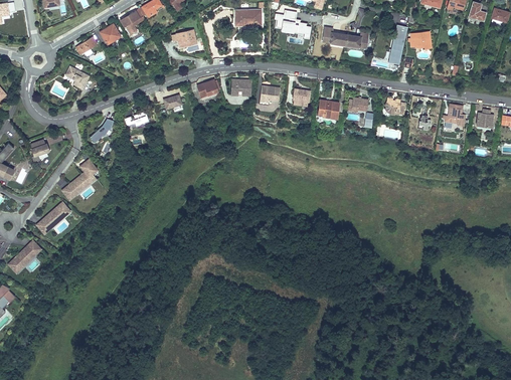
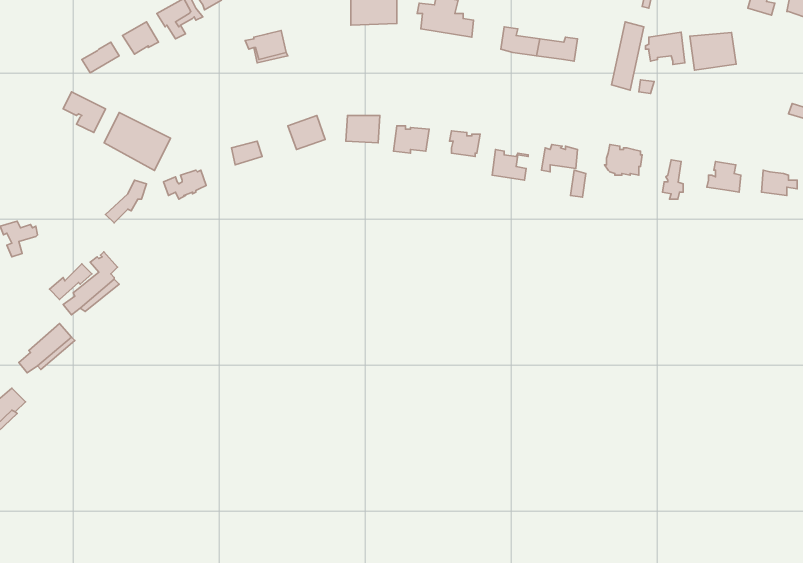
building: none -> [690,32,736,70]
building: none -> [104,112,171,170]

